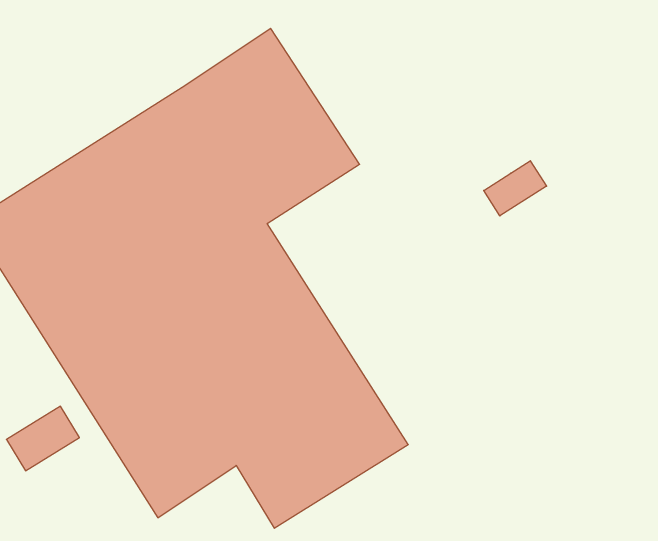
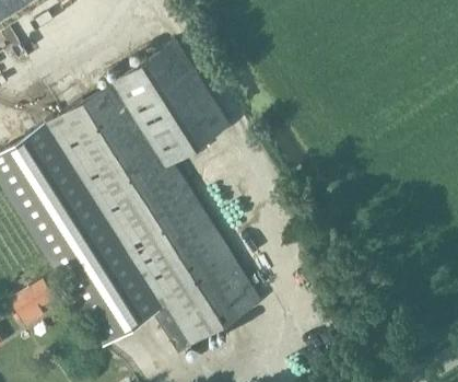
building: [484,161,547,216] -> none

